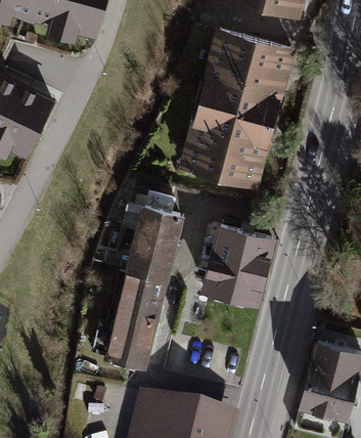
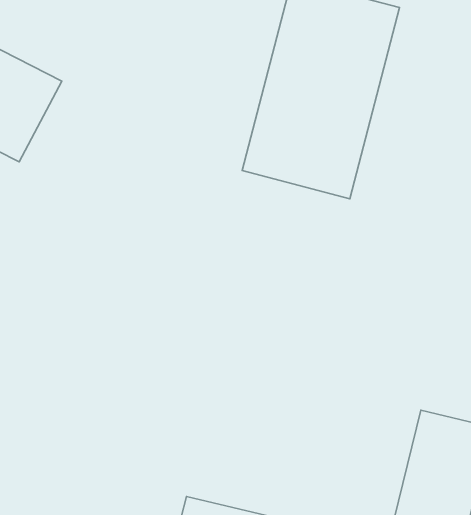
building: [107,201,185,365] -> none
building: [204,218,278,302] -> none

